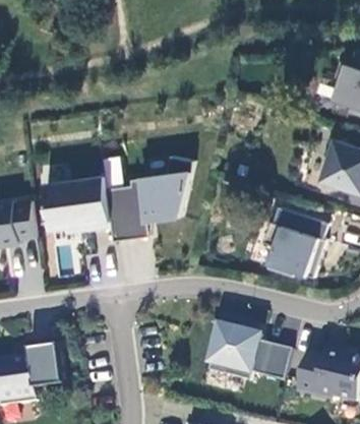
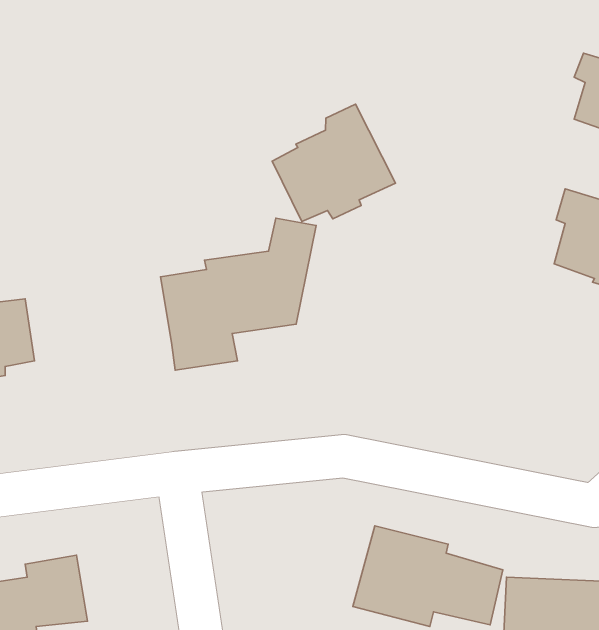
building: none -> [272,104,396,222]
building: [41,174,109,229] -> none
building: [263,207,327,277] -> none

